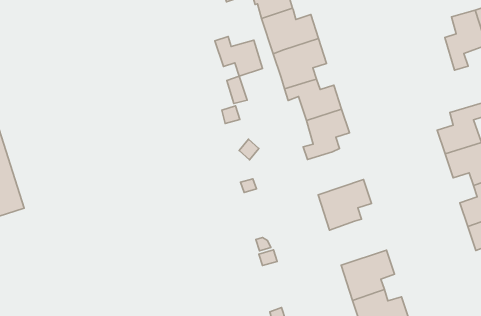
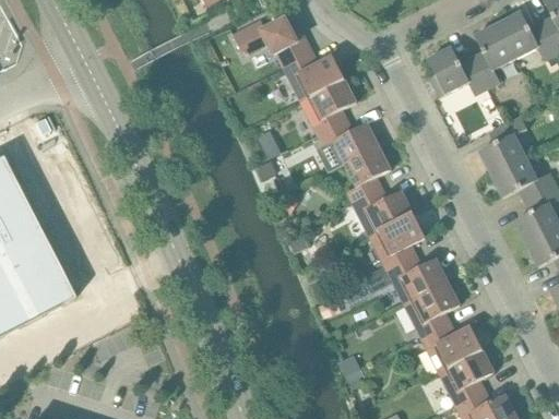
building: none -> [428,46,487,96]
building: [215,36,262,76] -> none
building: none -> [353,185,413,236]
building: none -> [386,253,448,303]

